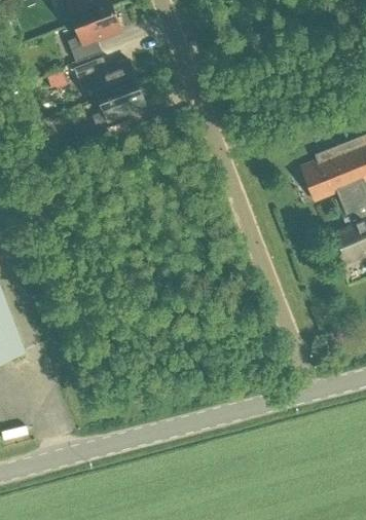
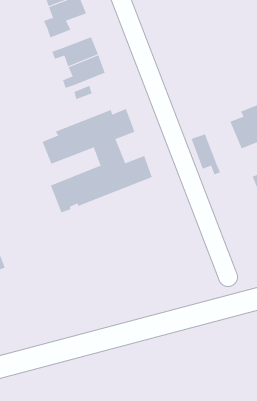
building: none -> [42,108,153,213]
building: none -> [191,134,221,175]

